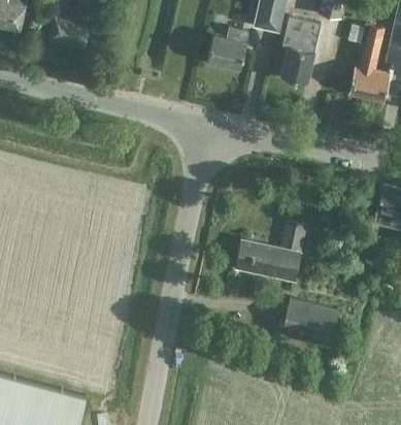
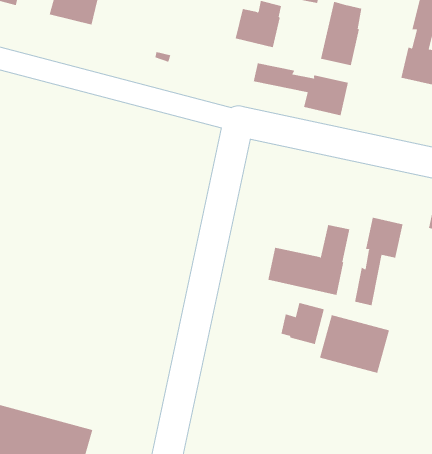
building: none -> [253,62,349,116]
building: none -> [355,217,403,306]
building: none -> [281,302,324,345]

